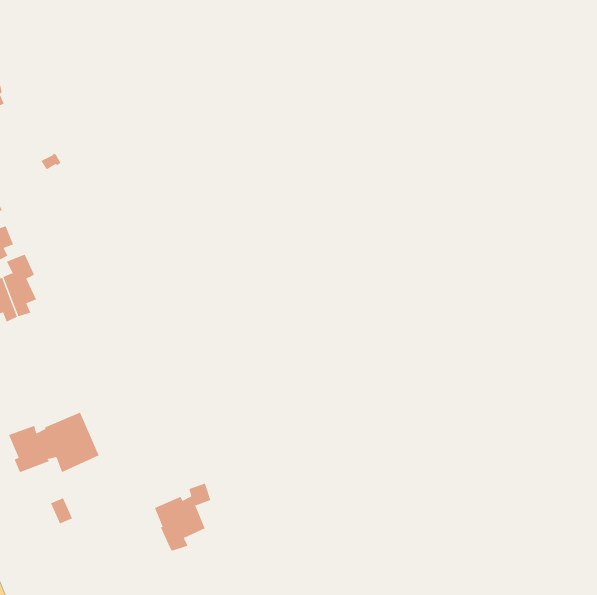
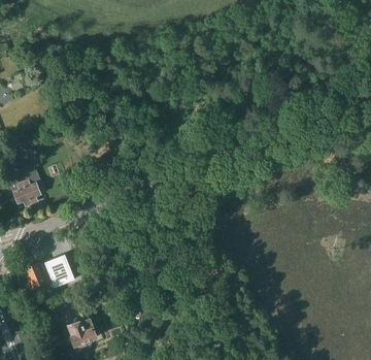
building: [154,483,211,551] -> [67,312,98,349]

